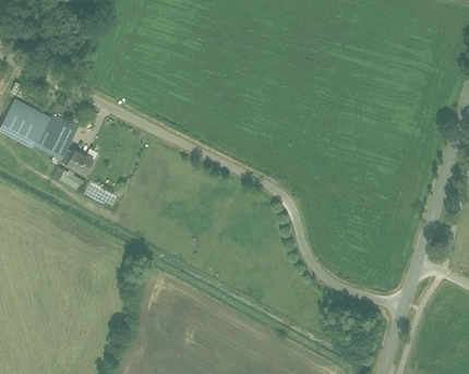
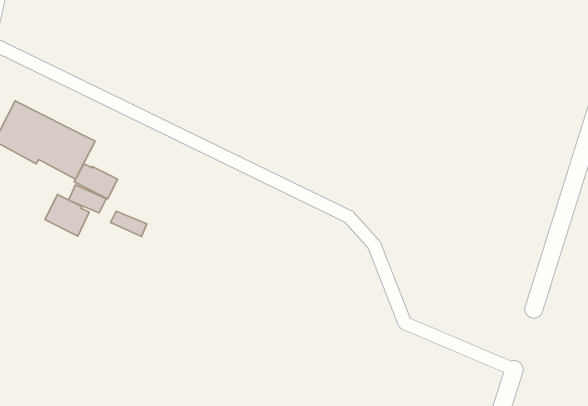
building: none -> [45,195,89,236]

